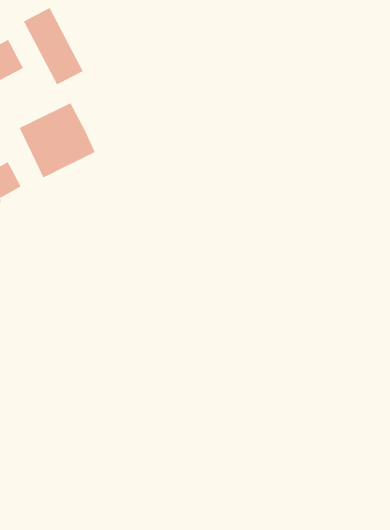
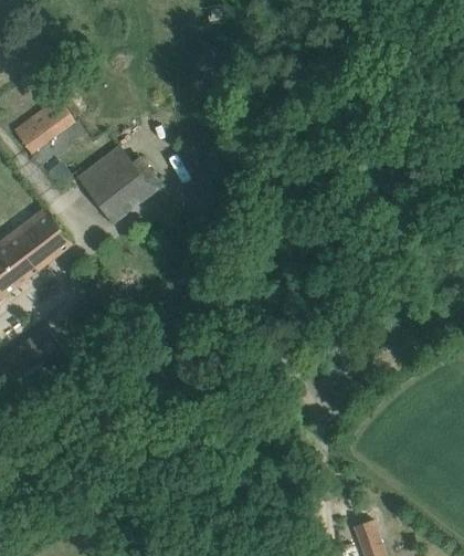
building: [23,7,83,85] -> none

